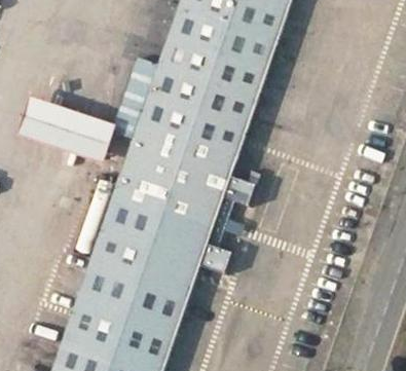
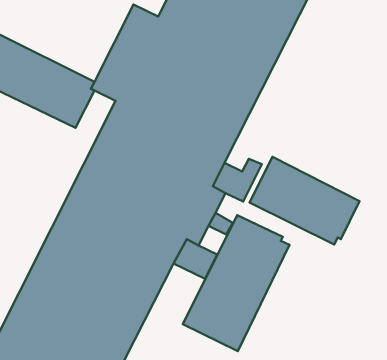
building: none -> [250,157,359,245]
building: none -> [183,215,290,351]

